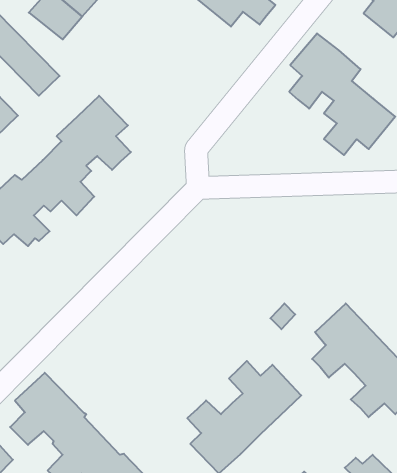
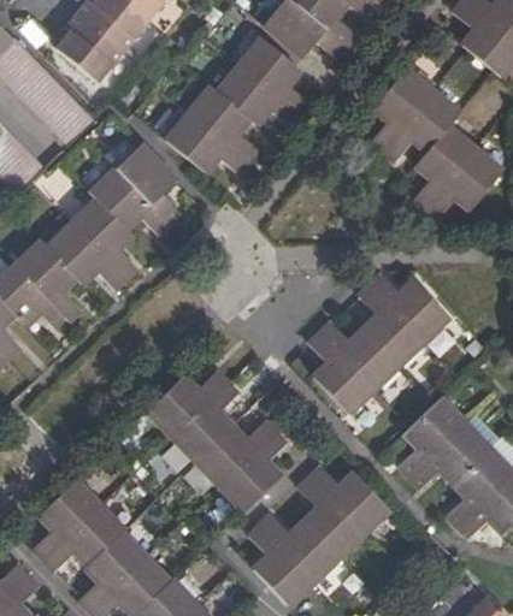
building: none -> [167,38,308,174]
building: none -> [308,276,448,411]
building: none -> [148,372,285,510]

